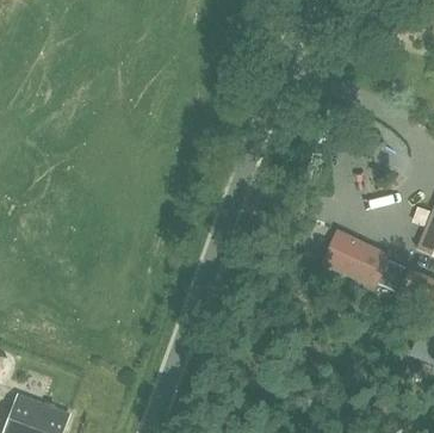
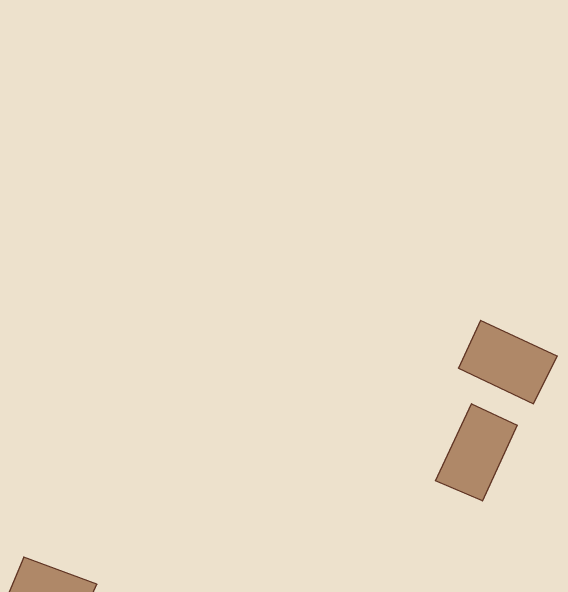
building: none -> [436,404,517,501]

